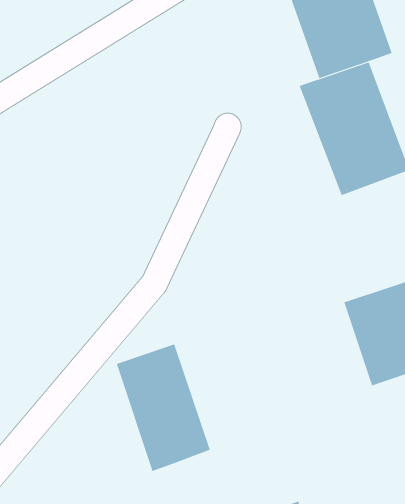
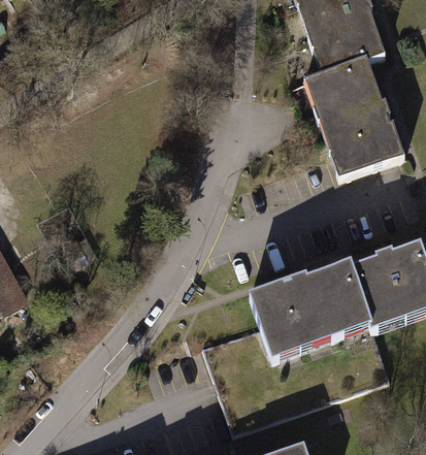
building: none -> [247,268,366,373]
building: [116,343,211,472] -> none

